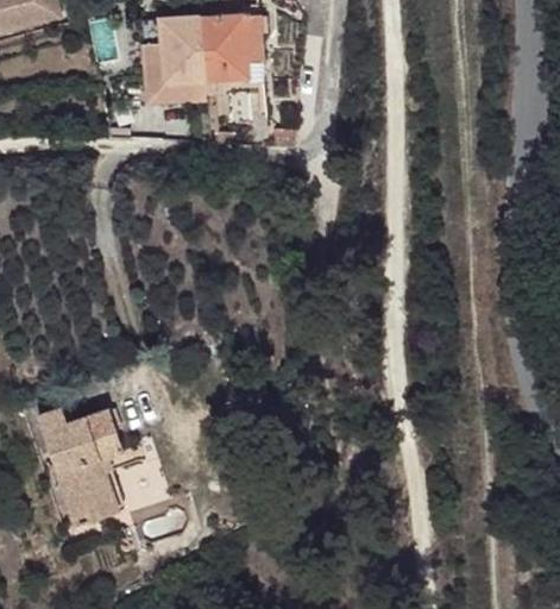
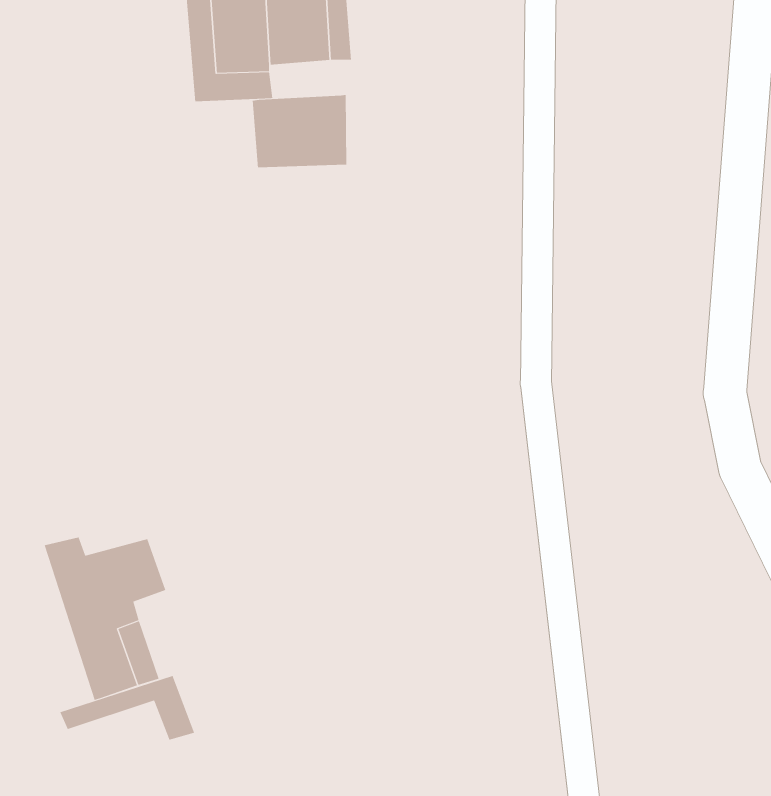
building: none -> [252,94,347,168]
building: none -> [59,675,195,740]

